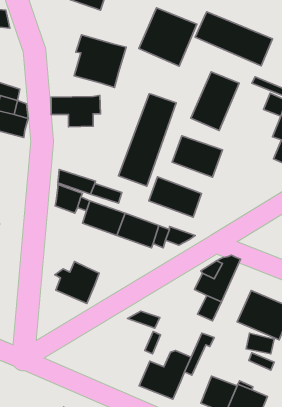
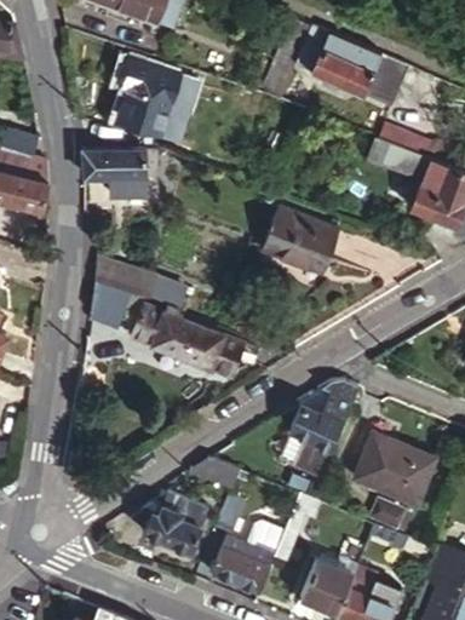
building: [139,8,197,66] -> none
building: [191,72,239,130] -> none
building: [119,94,176,186] -> none
building: [149,177,202,217] -> none
building: [55,262,99,303] -> [142,493,207,555]

